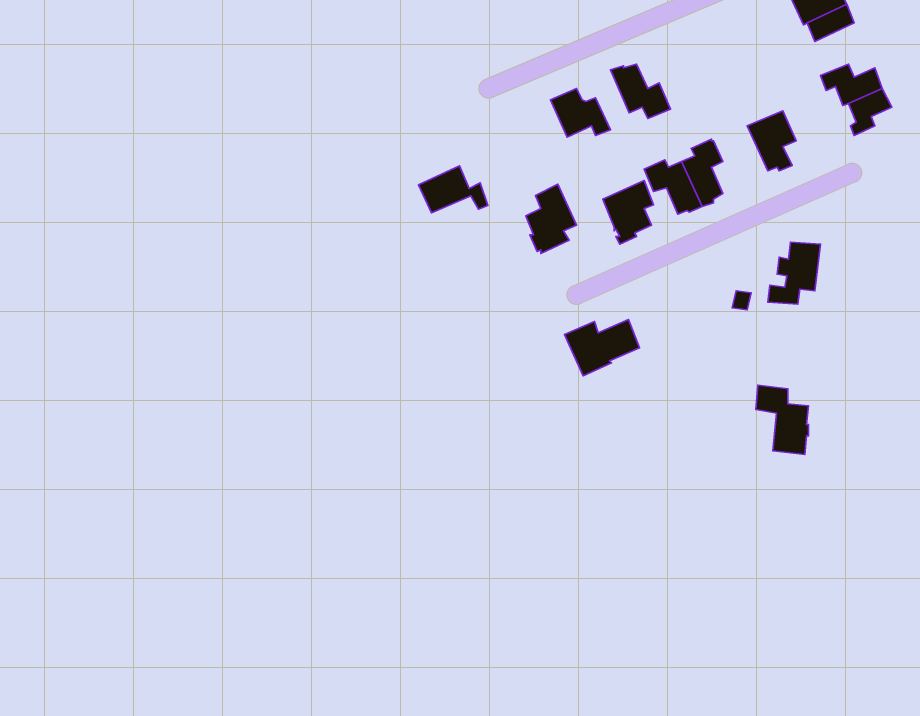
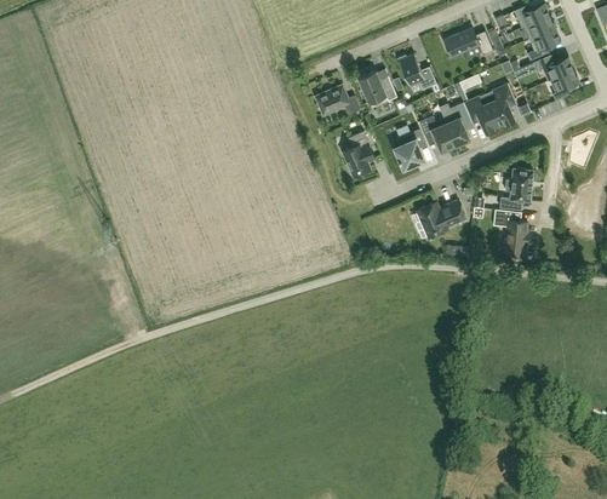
building: none -> [526,27,560,59]
building: none -> [446,28,493,55]
building: none -> [463,93,498,131]
building: [418,166,488,213] -> [314,84,359,114]
building: [565,320,640,376] -> [416,200,464,236]
building: [756,385,808,454] -> [492,208,526,253]

